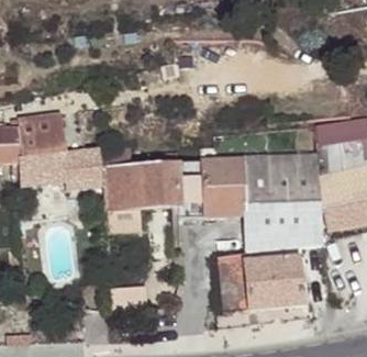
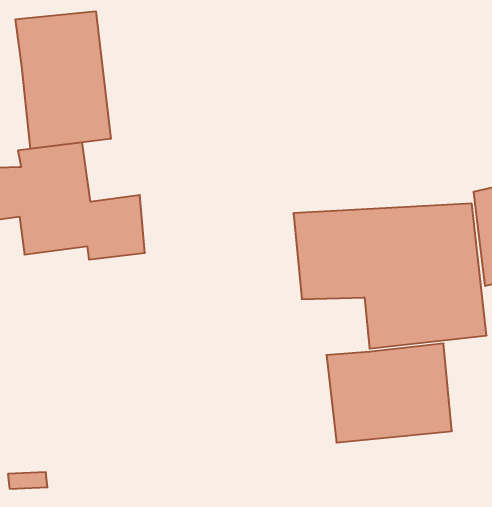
building: none -> [15,11,111,149]
building: [94,144,202,219] -> none

